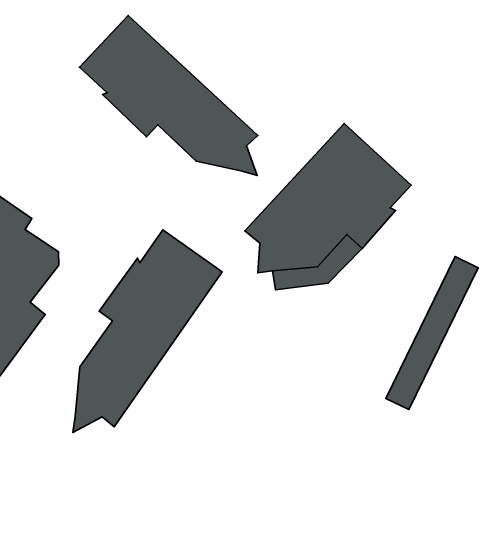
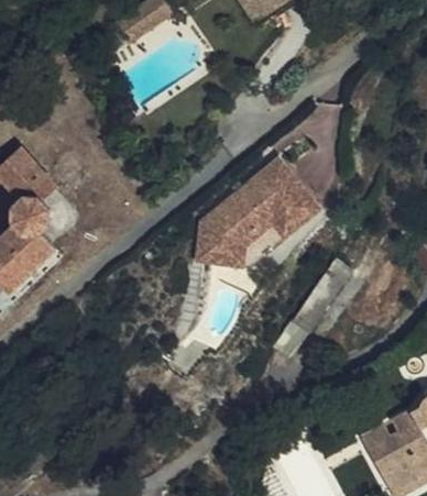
building: [80,15,258,175] -> none
building: [73,230,222,433] -> none

